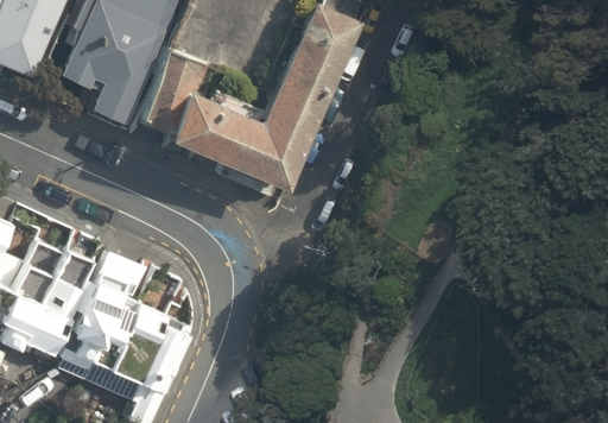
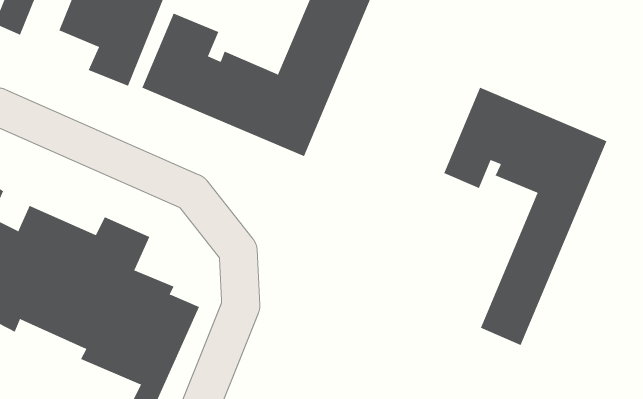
building: none -> [444,87,607,346]

